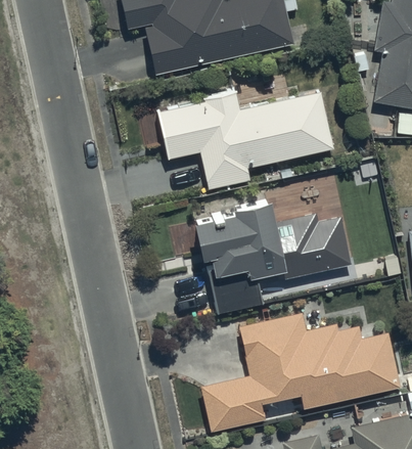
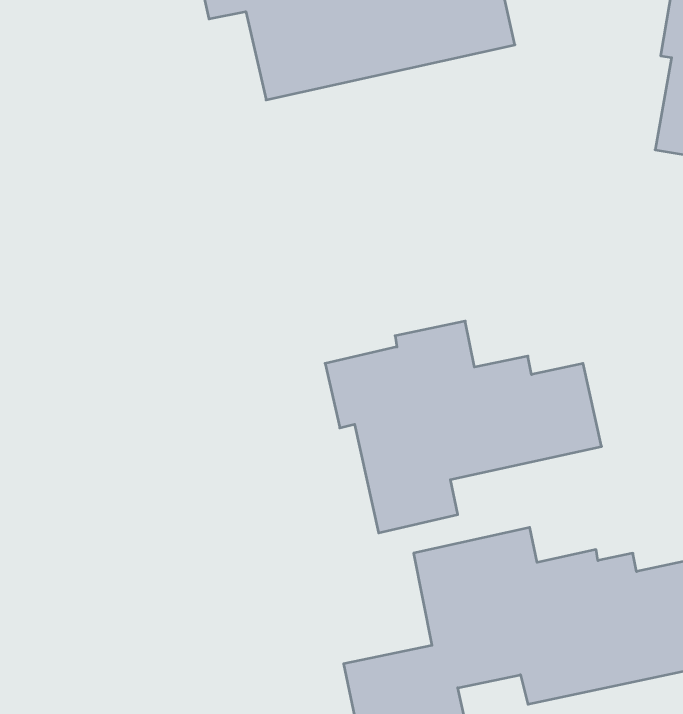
building: [155,91,337,188] -> none

